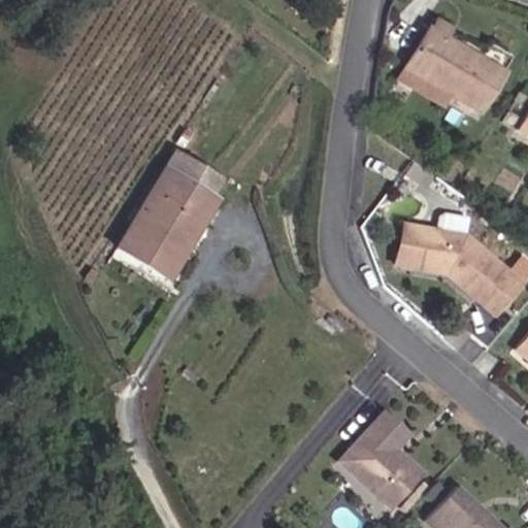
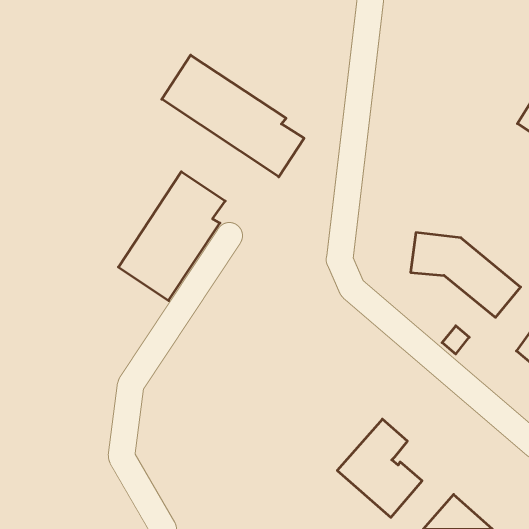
building: [401,21,500,108] -> none
building: none -> [162,55,304,177]

